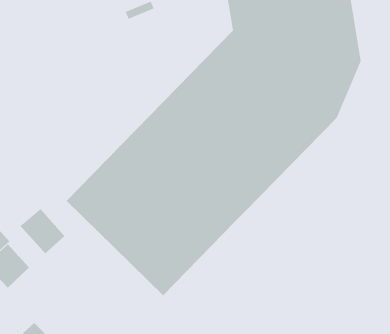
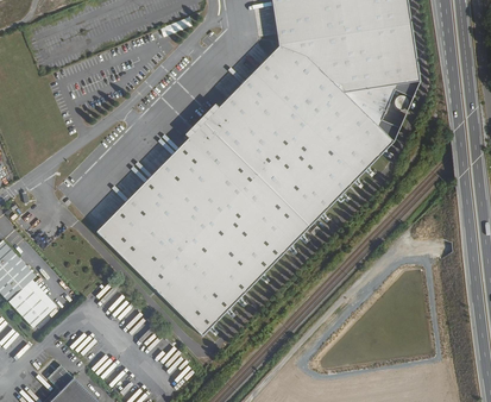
building: [19,208,65,254] -> none

